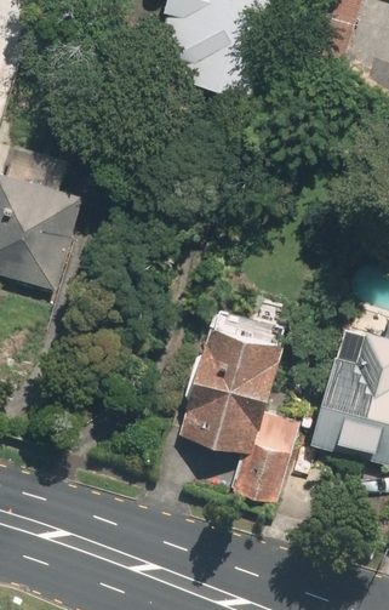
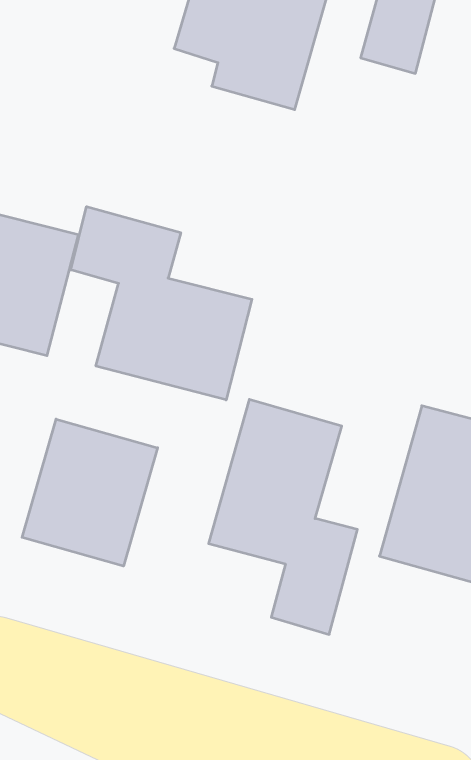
building: none -> [71,207,252,400]
building: none -> [22,419,158,566]

